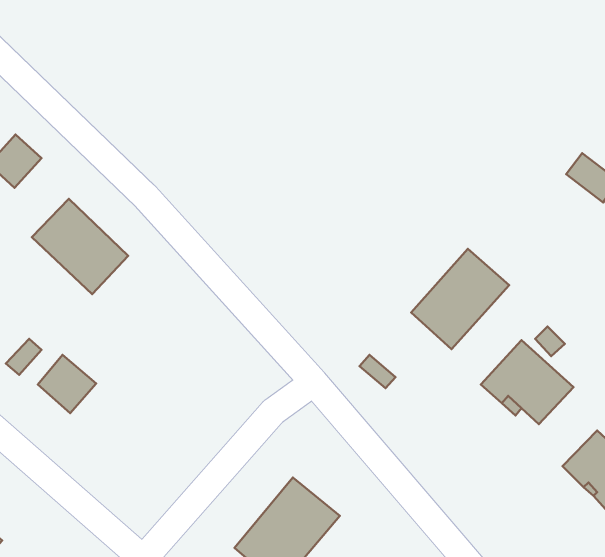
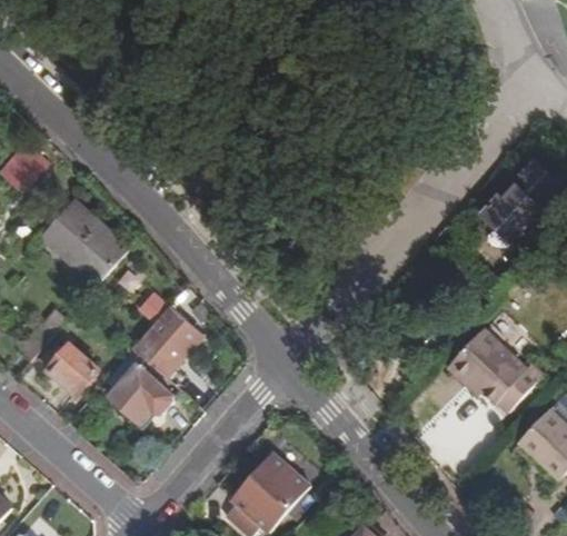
building: none -> [481,183,540,241]
building: [411,249,509,349] -> none
building: none -> [132,306,202,395]
building: none -> [107,361,173,423]

